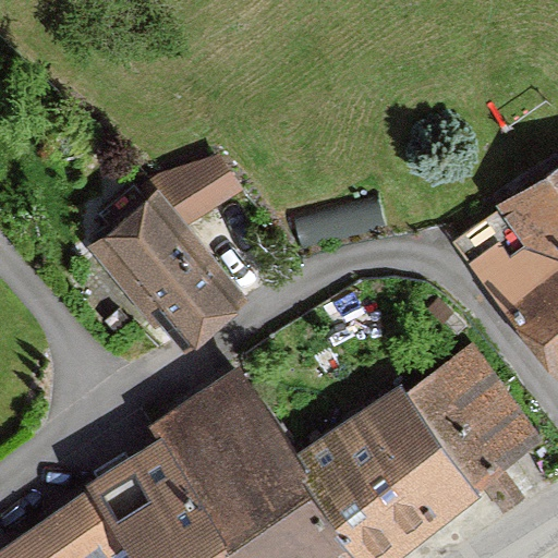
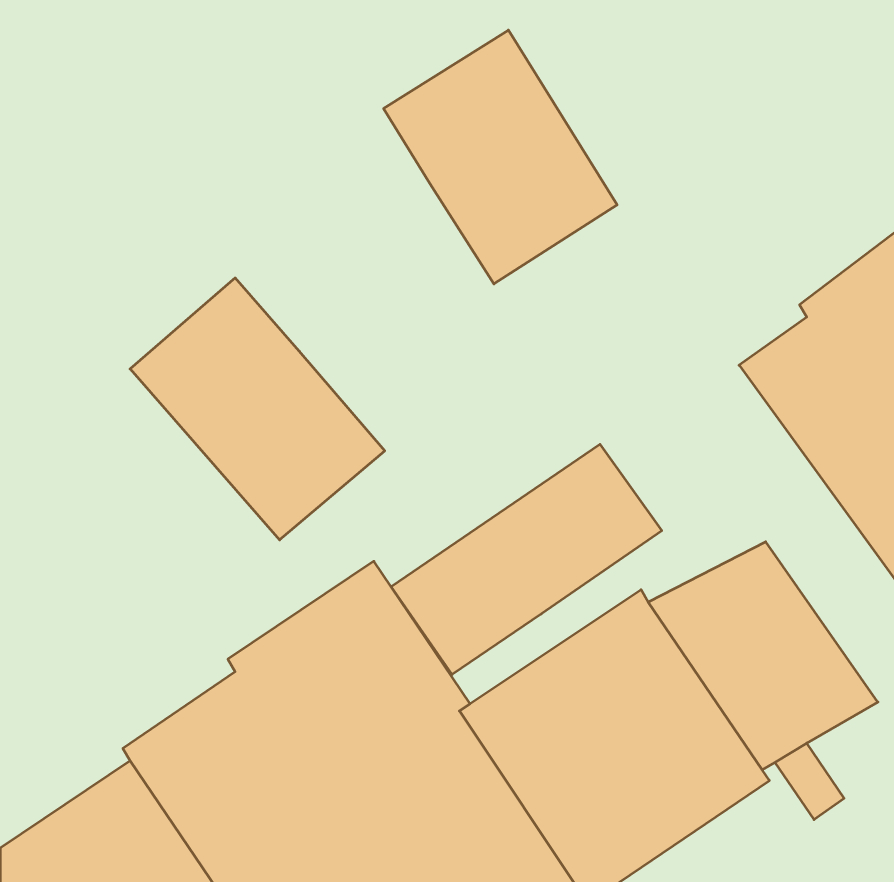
building: none -> [384,30,617,284]
building: [154,157,247,232] -> none
building: none -> [391,444,662,675]

